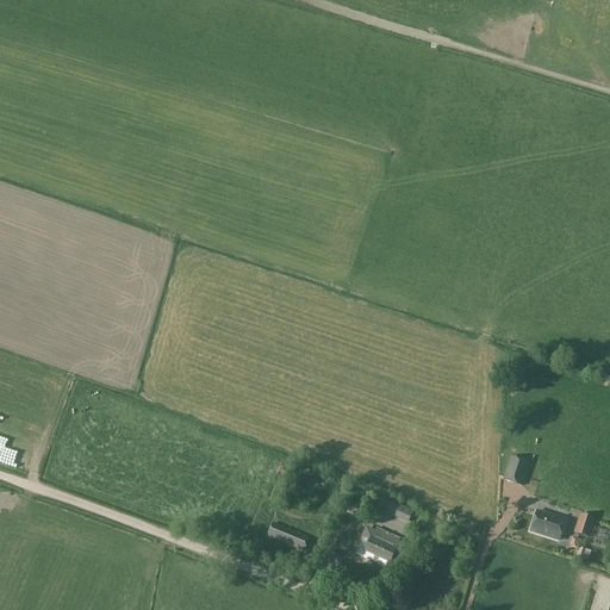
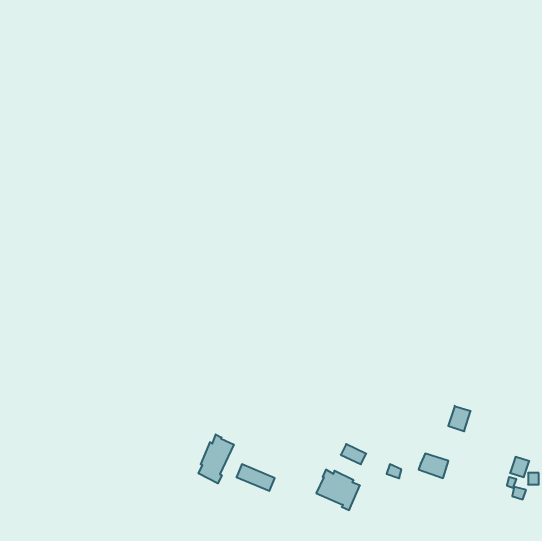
building: none -> [199,434,234,483]
building: [529,510,562,537] -> [419,454,448,478]

